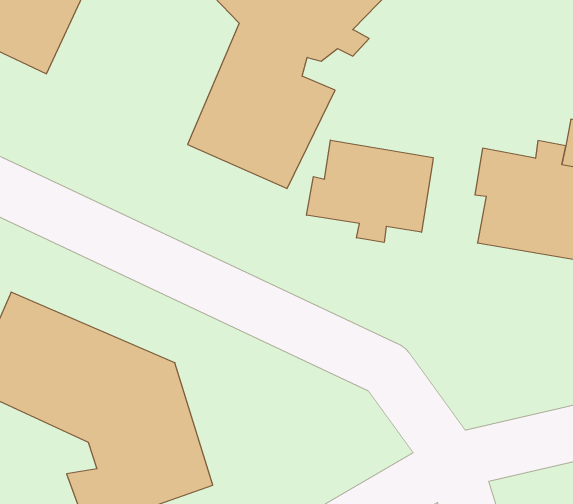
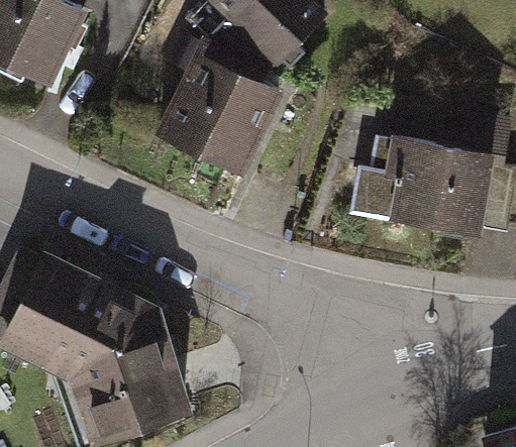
building: [307,140,433,242] -> none

